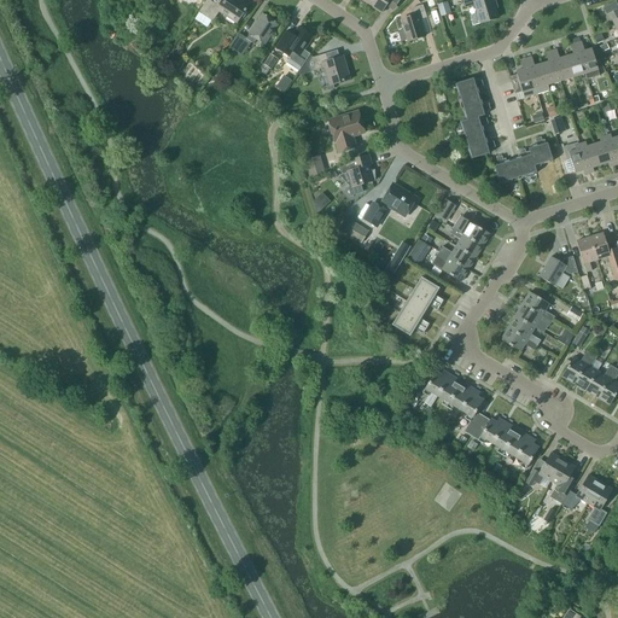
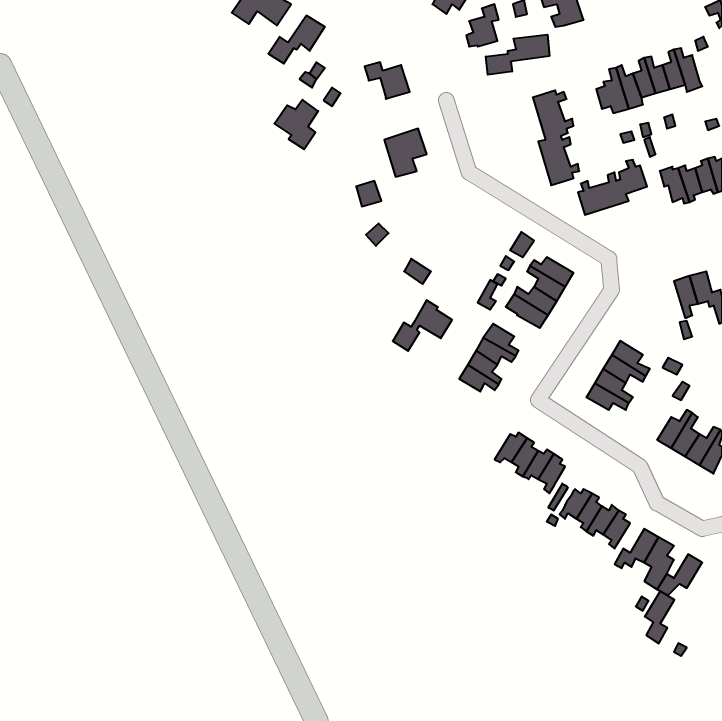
building: [275,25,313,68] -> [274,100,318,149]
building: none -> [486,35,549,75]
building: [340,153,374,196] -> none
building: [363,182,414,226] -> [393,300,452,351]
building: [538,256,577,285] -> none
building: [587,480,612,525] -> [645,591,674,643]

